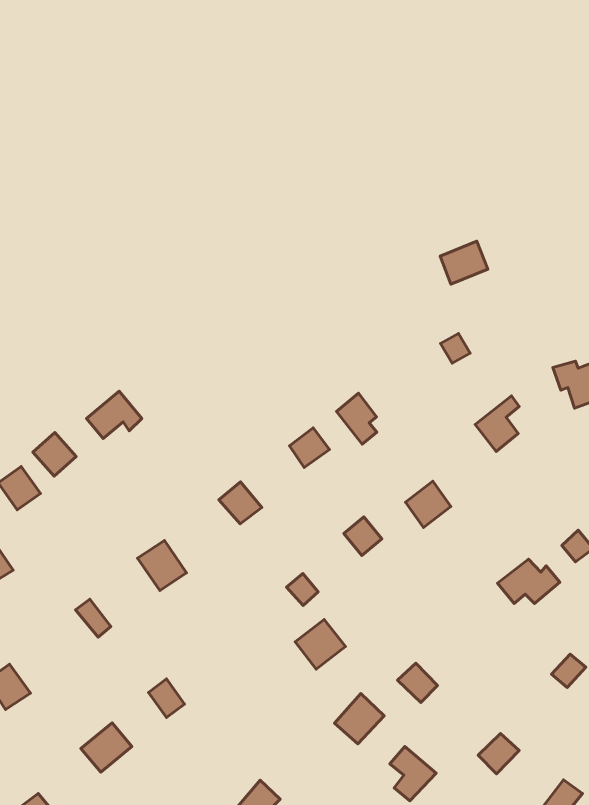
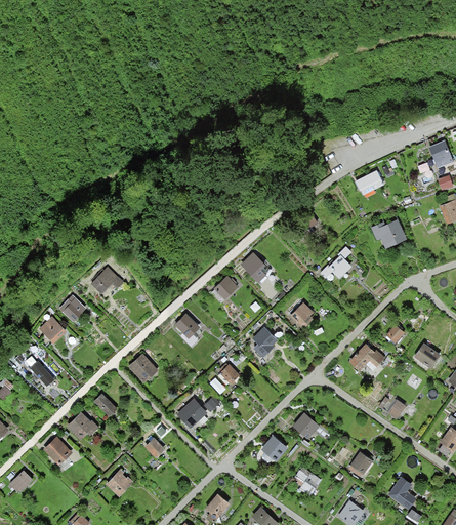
building: [440,241,488,284] -> [354,170,383,198]
building: [295,619,345,669] -> [175,398,206,429]
building: none -> [66,413,98,442]

